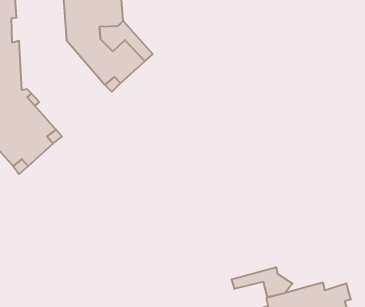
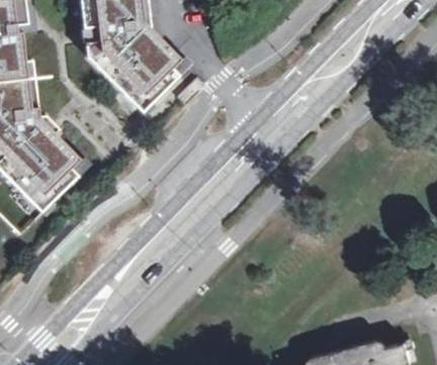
building: [232,267,293,297] -> none

